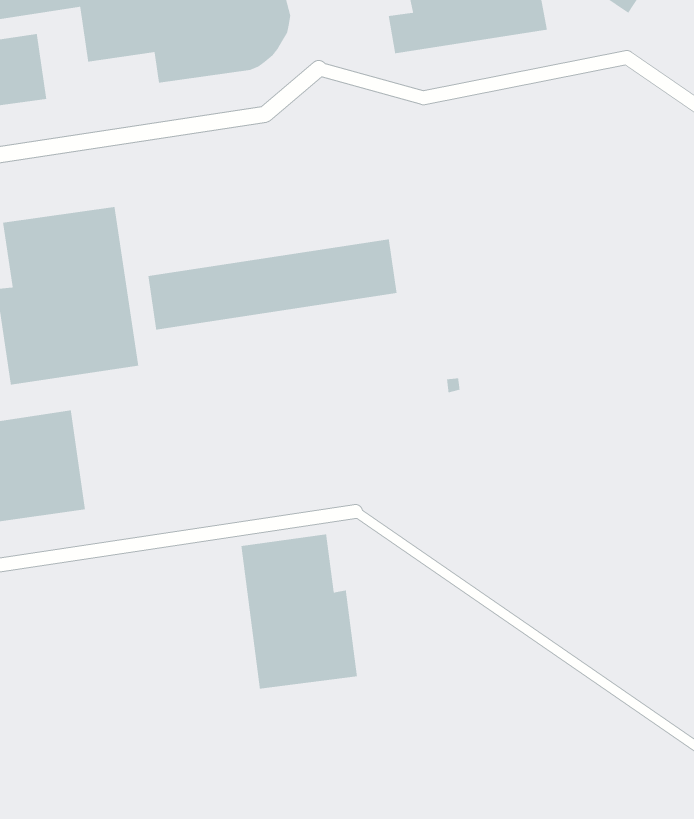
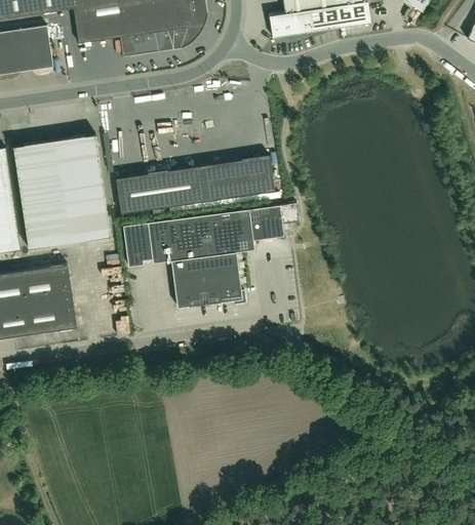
building: none -> [123,203,300,307]
building: [241,534,358,690] -> none

